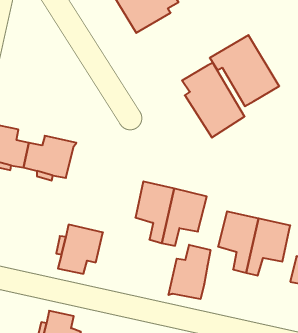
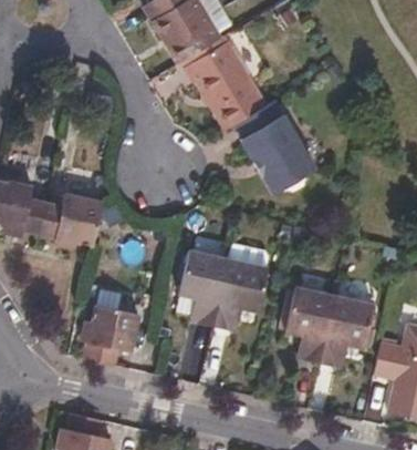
building: [210,35,279,106] -> [183,39,270,129]
building: [169,245,210,299] -> none

